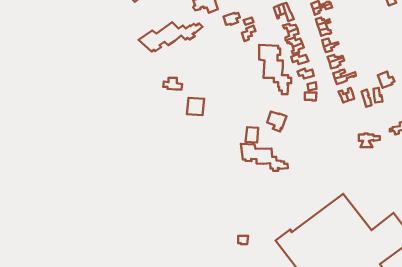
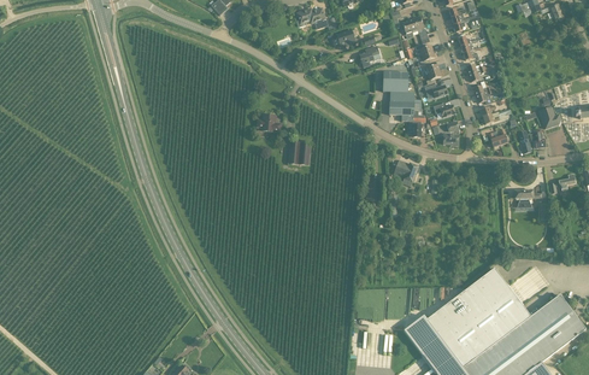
building: [138,22,203,52] -> none
building: [241,144,288,171] -> none

